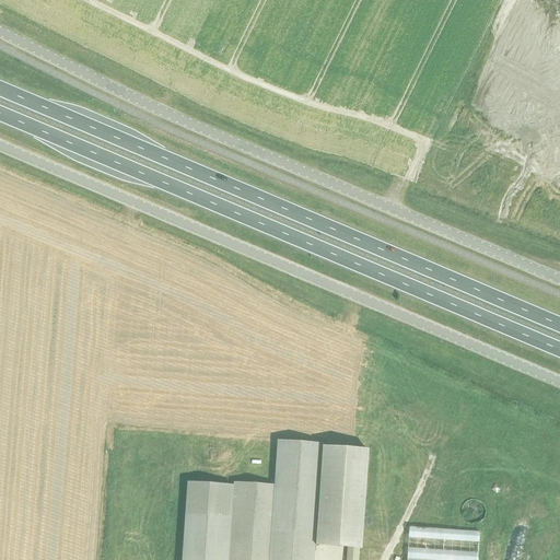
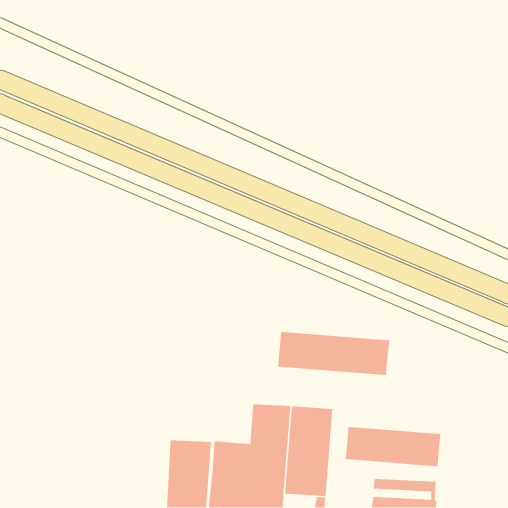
building: none -> [277,331,390,376]
building: none -> [345,426,441,467]

